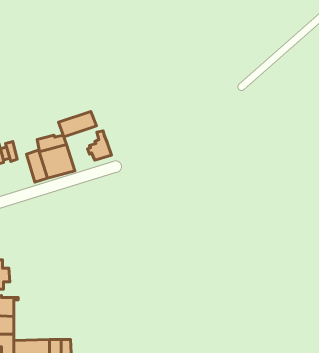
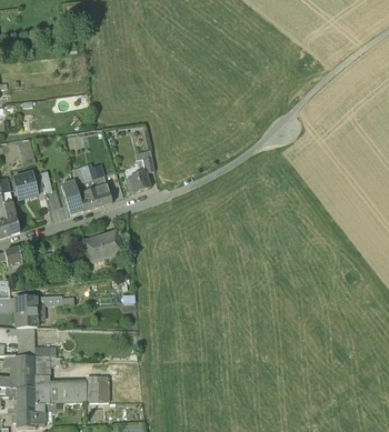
building: [58,111,96,137] -> none
building: none -> [82,229,122,261]

